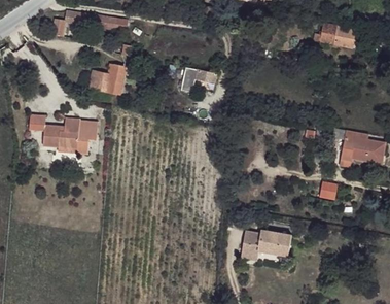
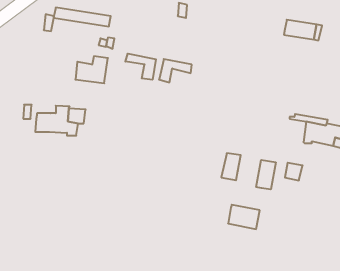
building: none -> [125,54,156,80]
building: none -> [256,160,276,189]
building: [239,229,260,259] -> [221,153,241,180]

